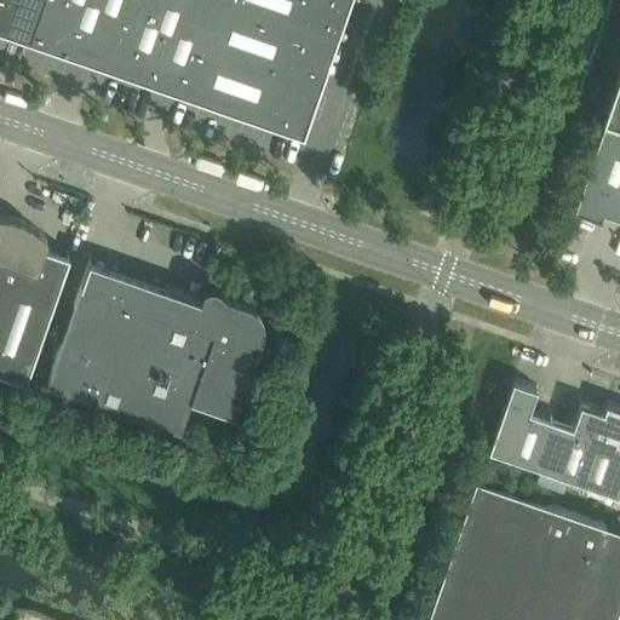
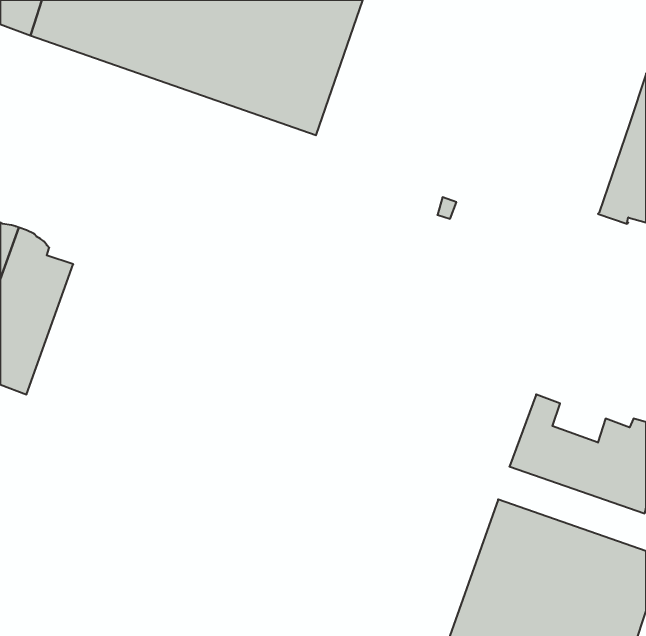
building: [46,266,264,436] -> none

